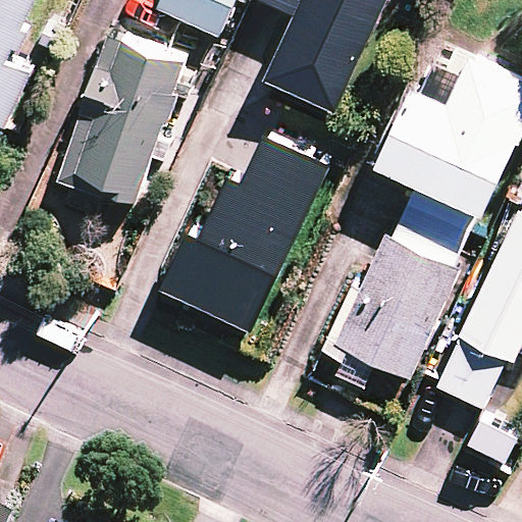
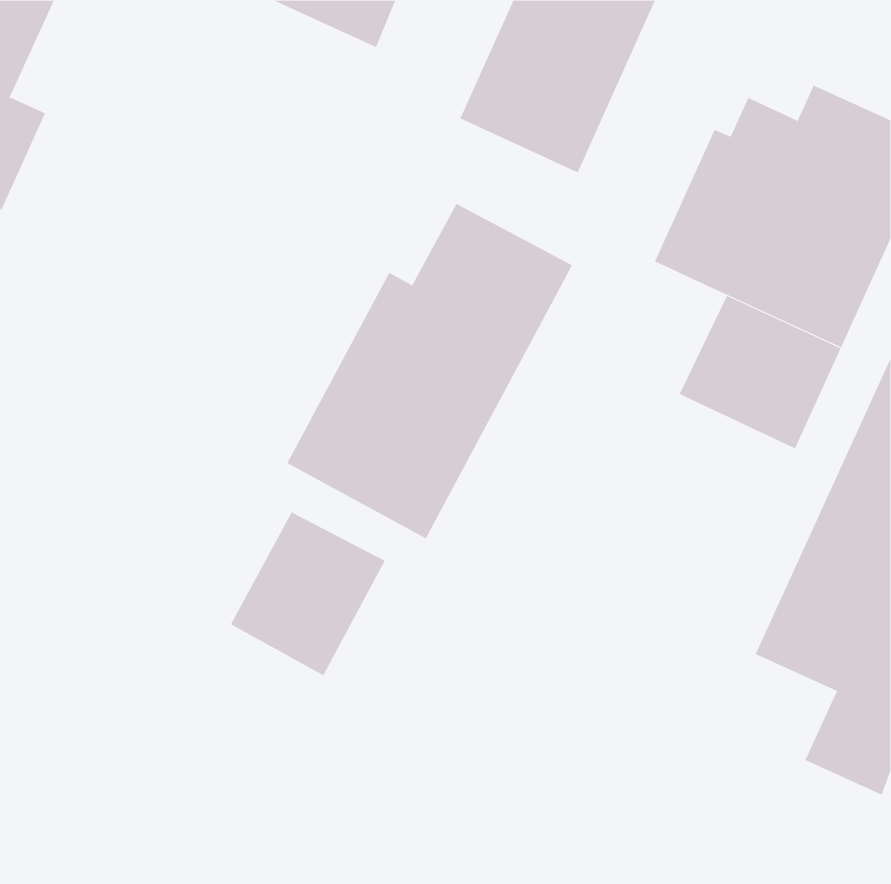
building: [58,37,182,206] -> none
building: [317,237,459,378] -> none
building: none -> [230,511,385,676]

